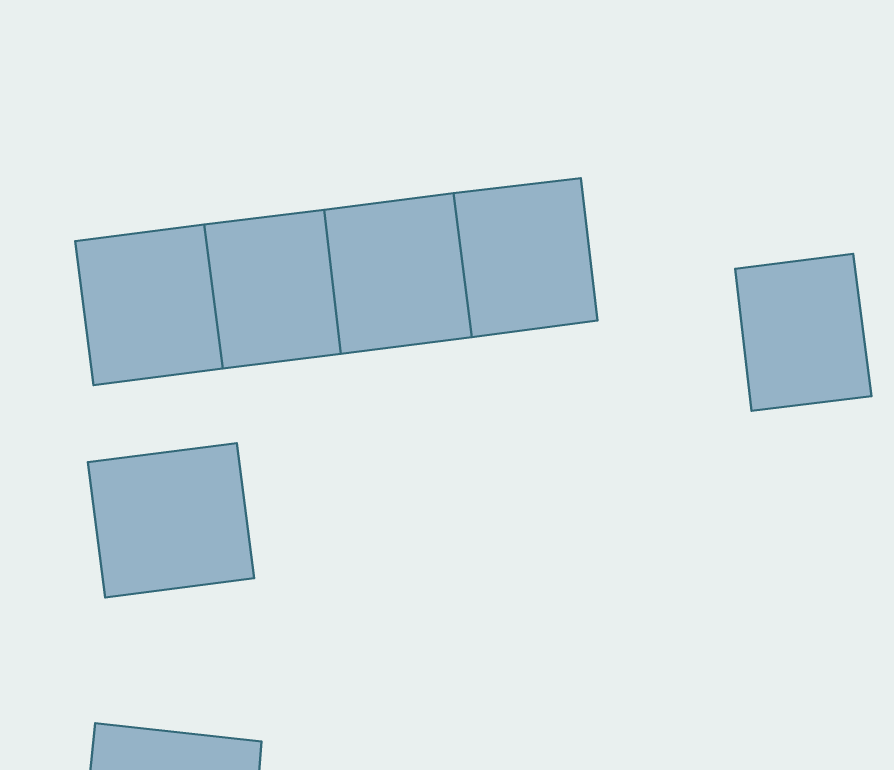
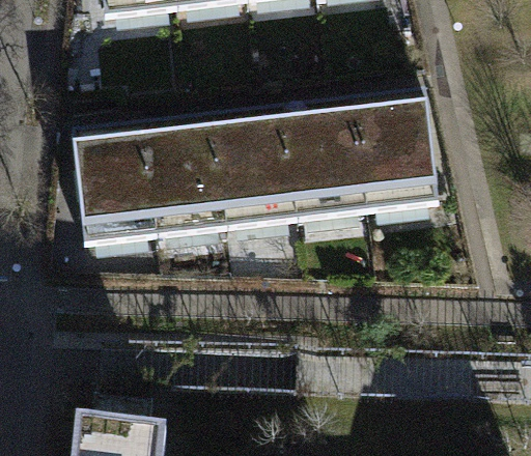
building: [735,254,872,411] -> [354,105,430,193]
building: [88,443,254,597] -> none

